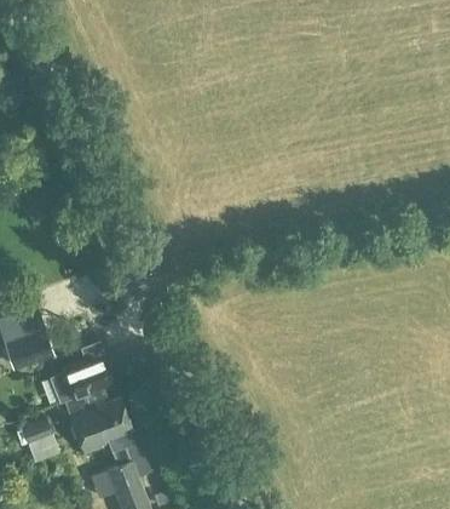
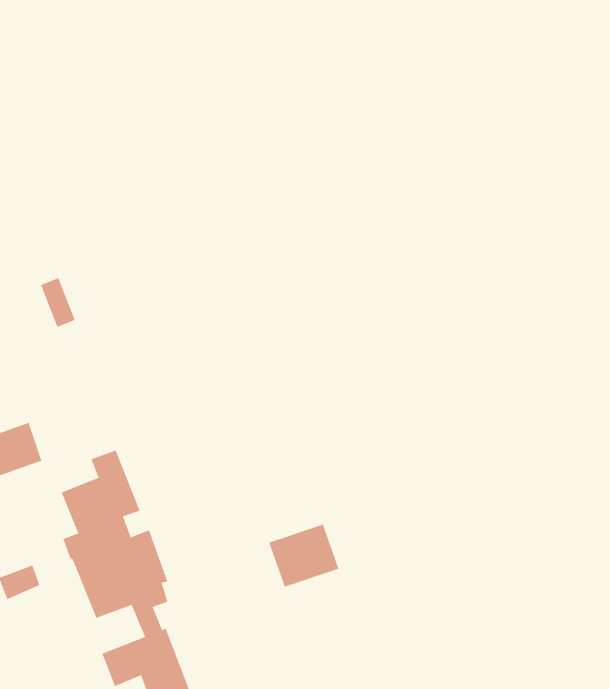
building: none -> [268,524,339,588]

